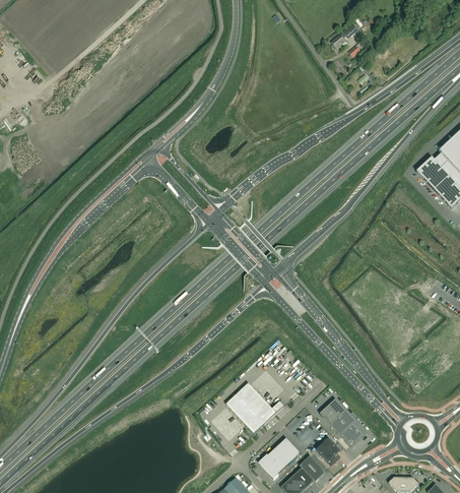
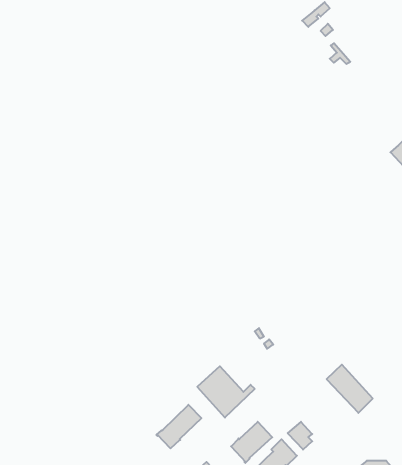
building: [320,399,366,447] -> [327,365,373,413]
building: none -> [156,405,201,448]

